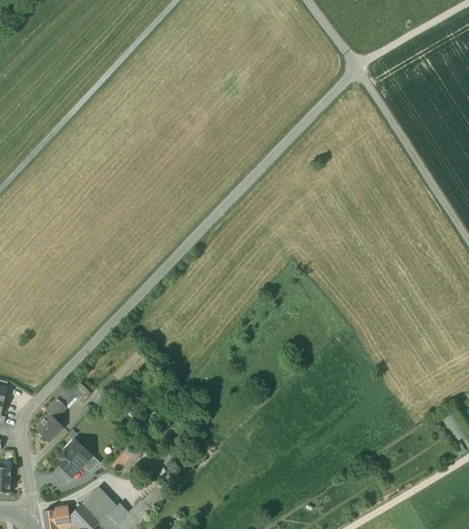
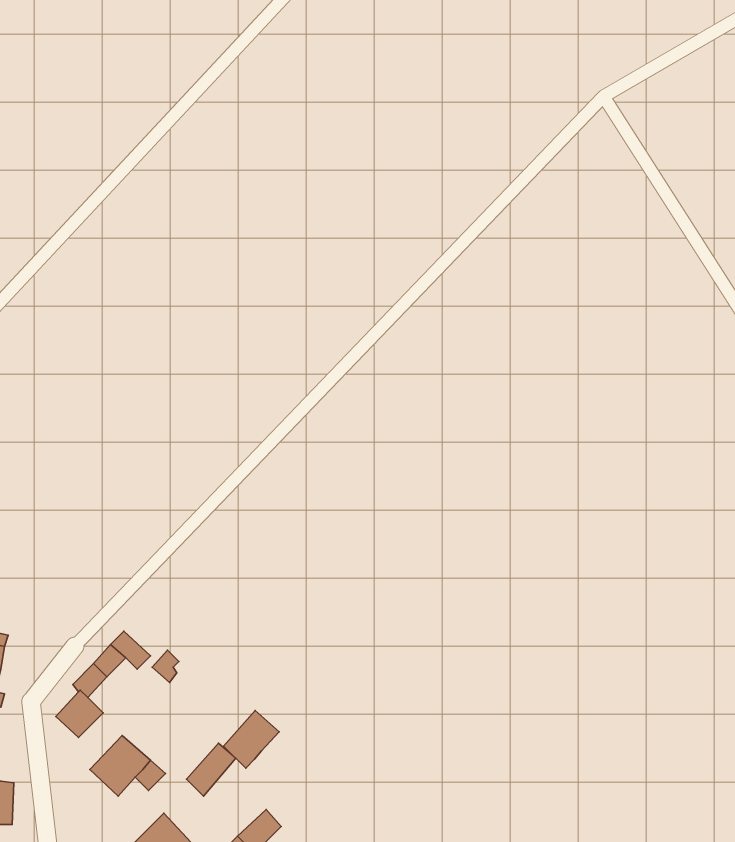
building: none -> [223,710,279,768]

